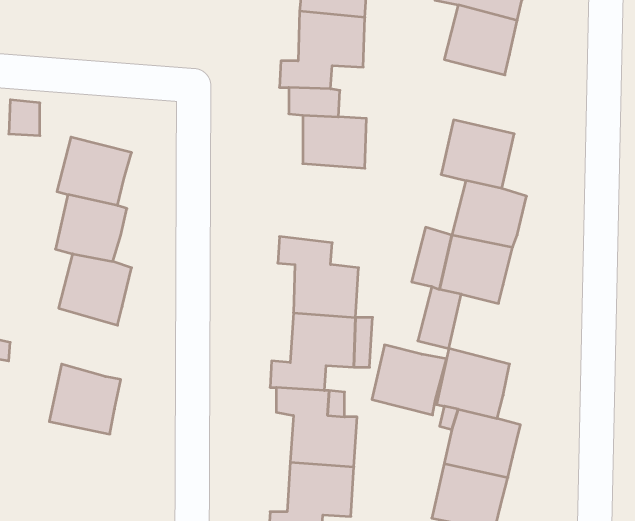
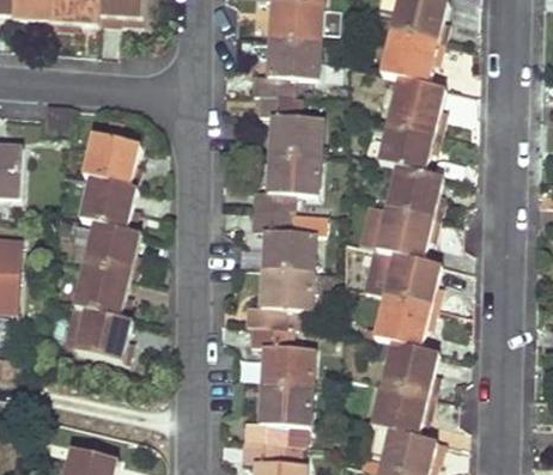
building: none -> [388,77,445,129]
building: none -> [254,152,320,213]
building: none -> [74,263,129,316]
building: [372,345,447,415] -> [384,252,442,306]

